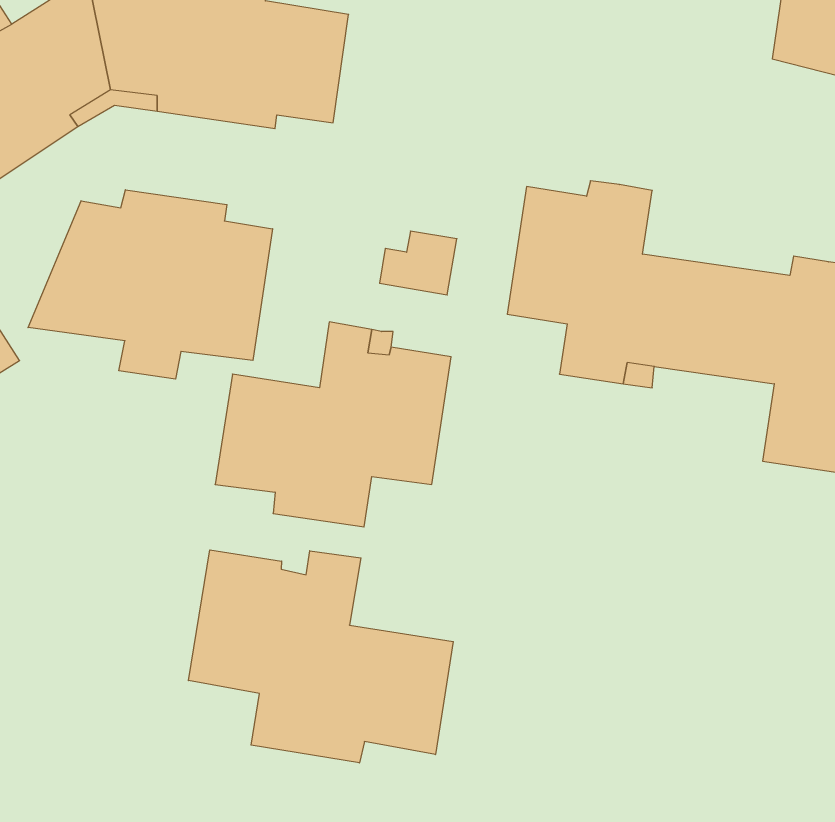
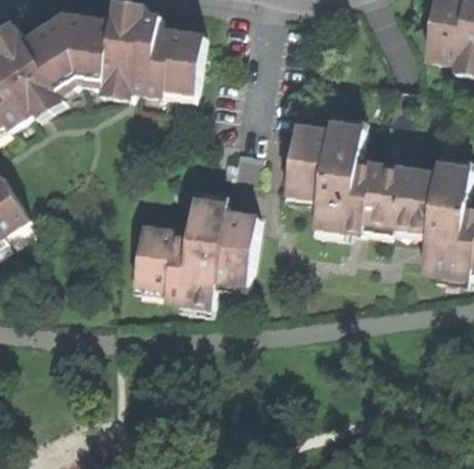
building: [28,190,273,379] -> none
building: [188,550,453,763] -> none

